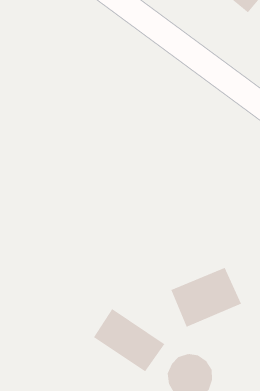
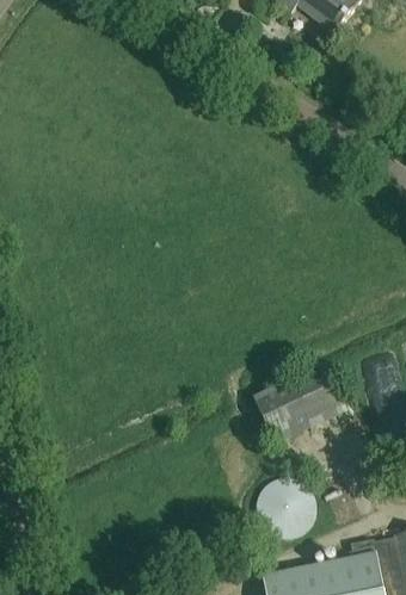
building: [93,308,165,372] -> none

